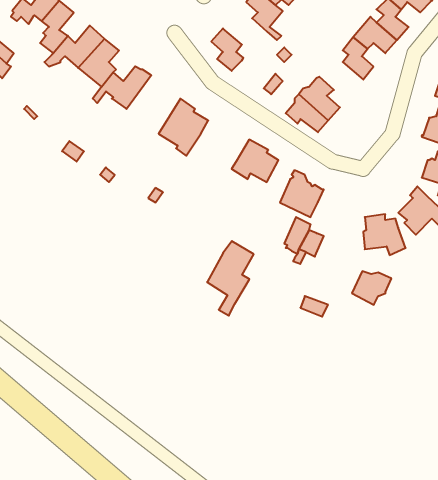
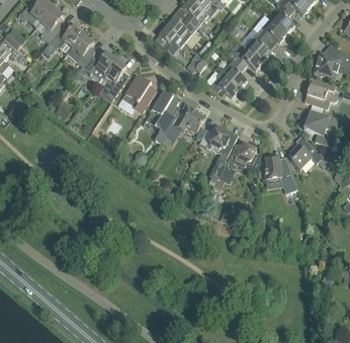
building: none -> [166,17,196,41]
building: none -> [227,45,263,70]
building: none -> [99,58,125,98]
building: [207,241,254,316] -> [146,91,178,143]
building: [352,271,391,305] -> [228,144,255,167]

